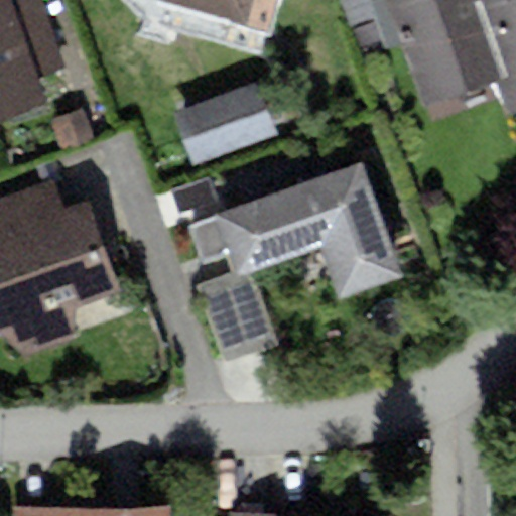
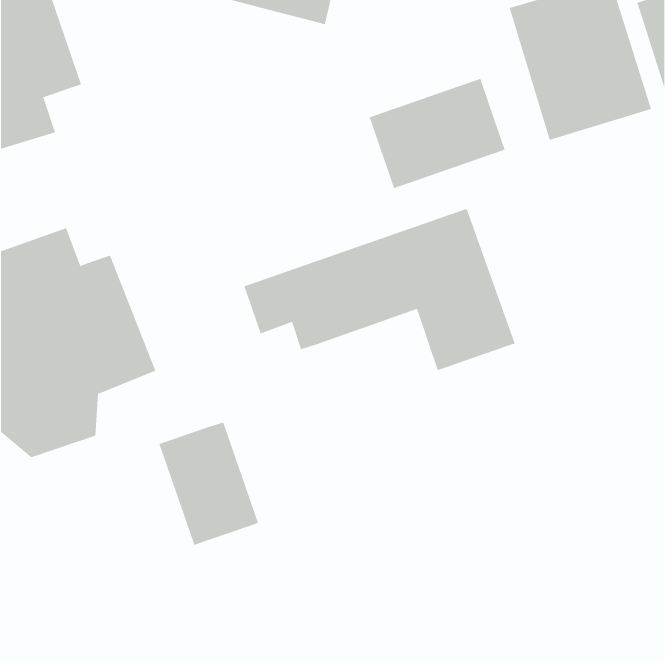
building: [172,90,278,175] -> [369,78,505,189]
building: [196,267,273,363] -> [159,422,259,545]

